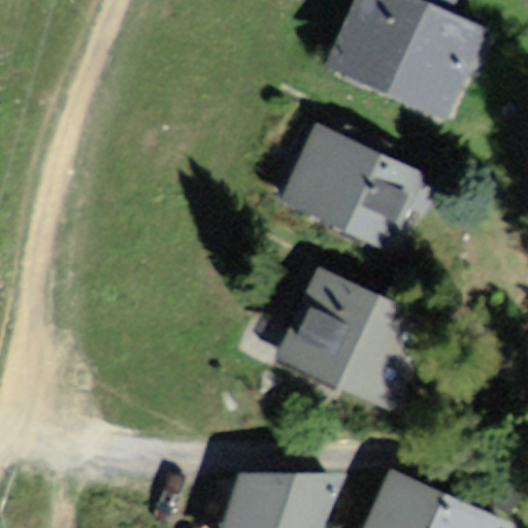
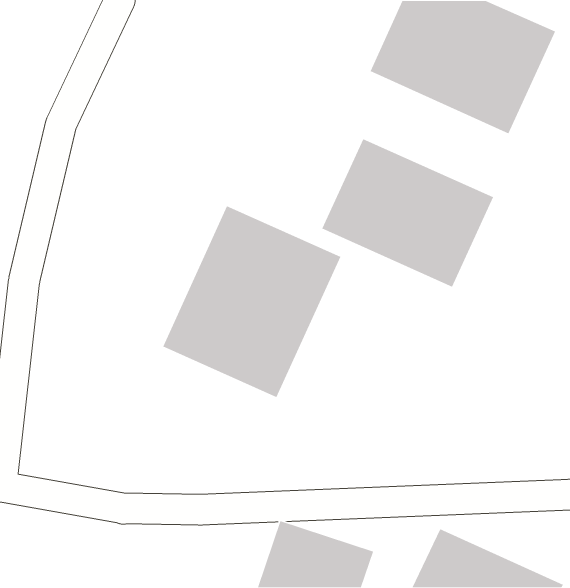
building: none -> [162,205,341,398]
building: [252,263,411,407] -> none

